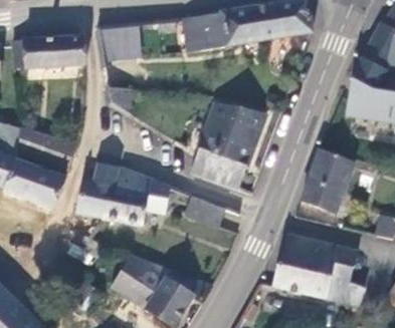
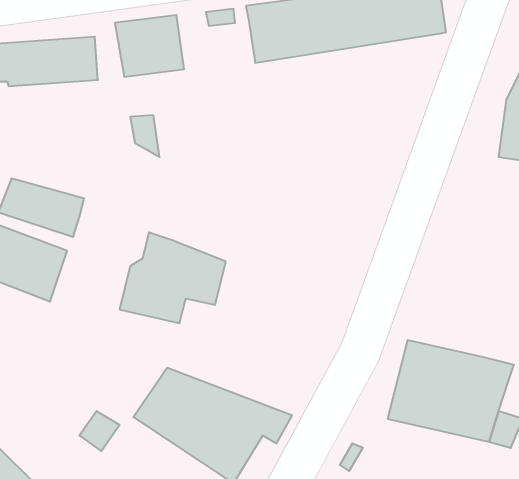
building: [188,100,265,191] -> none
building: [302,151,353,212] -> none
building: [75,160,119,216] -> none
building: [183,194,226,225] -> none

